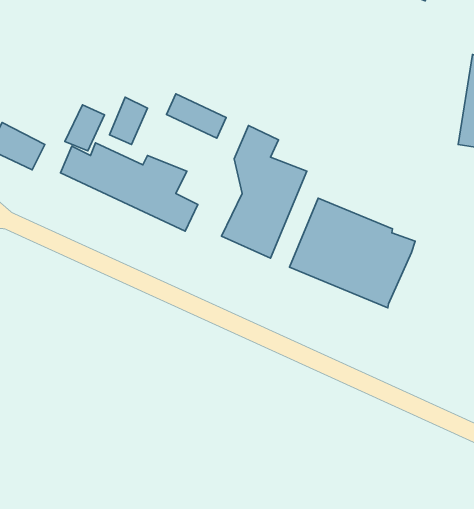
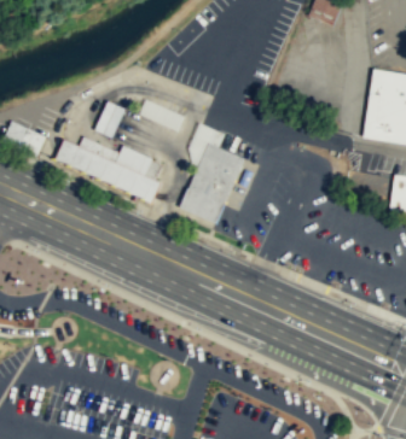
building: [65,105,104,151] -> none
building: [290,198,415,308] -> none

